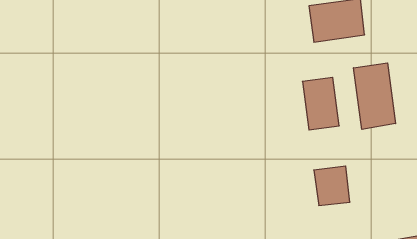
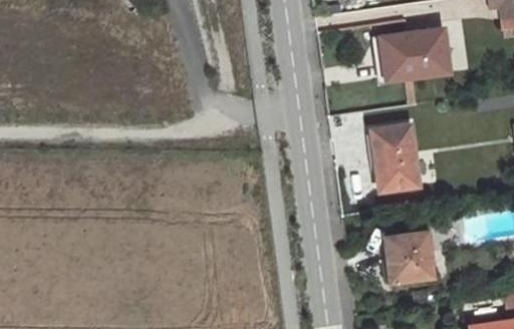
building: [354,63,396,129] -> none

